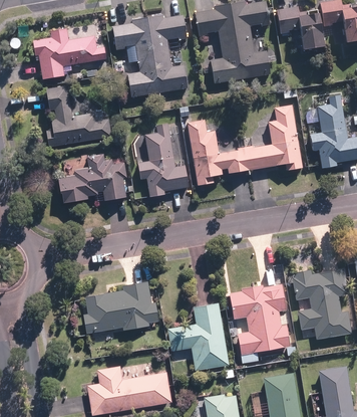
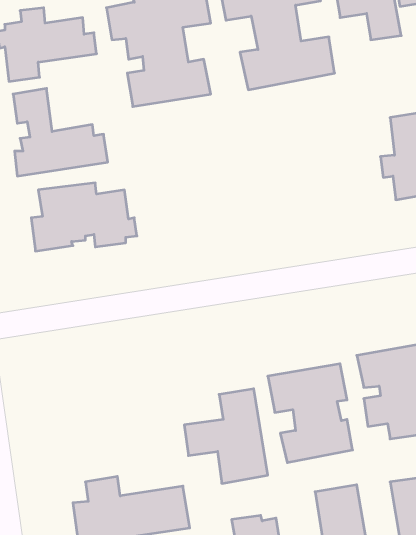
building: [188,105,302,185] -> none
building: [138,123,190,196] -> none
building: [83,280,159,333] -> none

